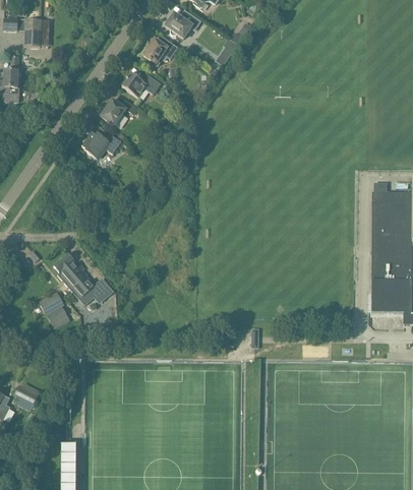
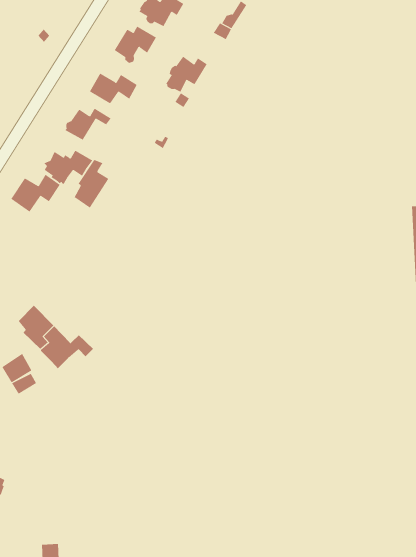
building: none -> [165,56,207,93]
building: none -> [74,159,109,208]
building: none -> [10,174,60,213]

